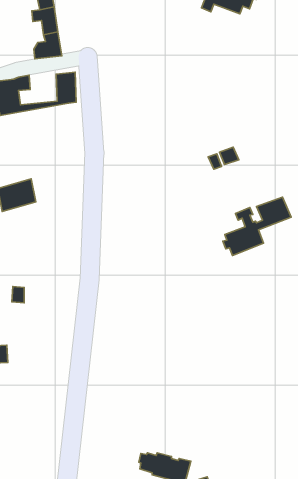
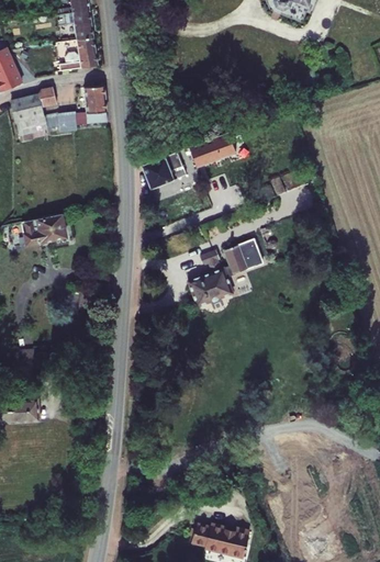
building: none -> [197,132,243,167]
building: none -> [148,157,192,189]
building: [223,197,291,256] -> [194,234,272,301]

